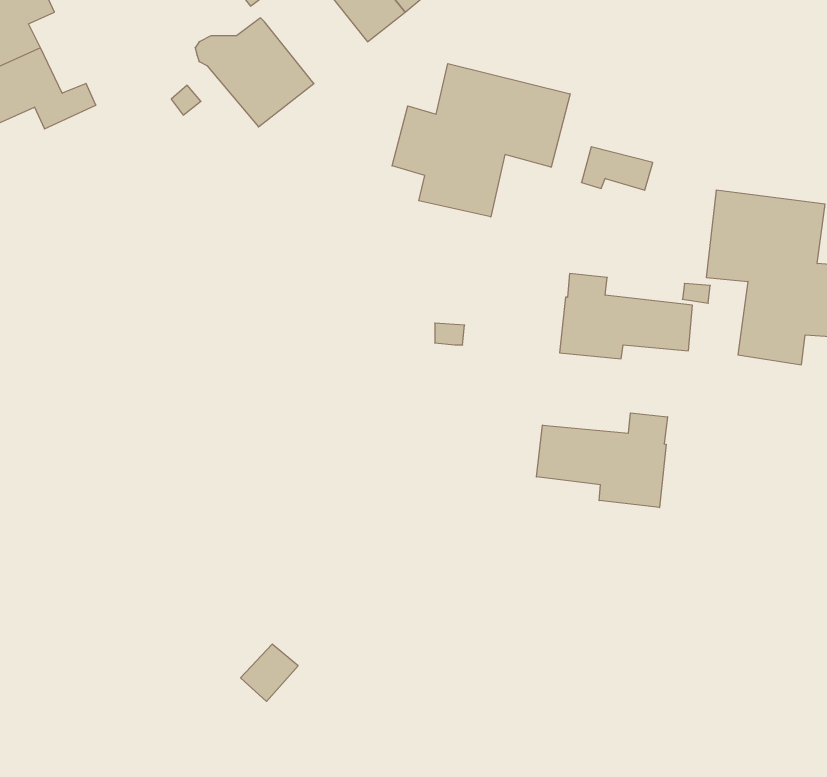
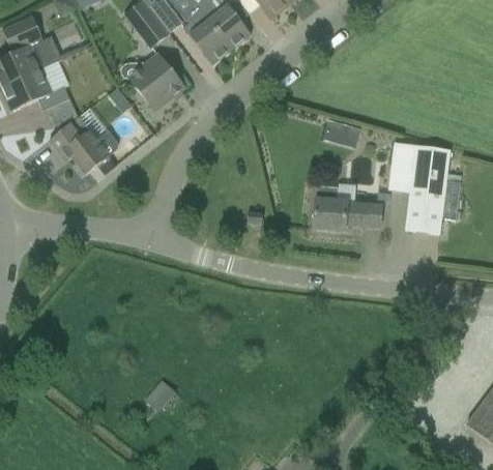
building: [392,64,570,217] -> none
building: none -> [50,116,118,174]
building: [536,413,667,508] -> none

